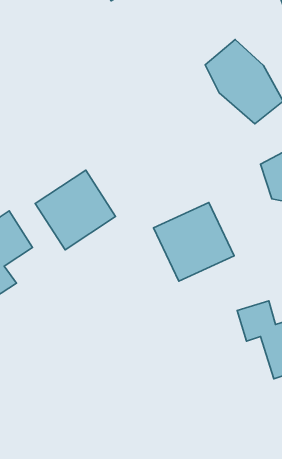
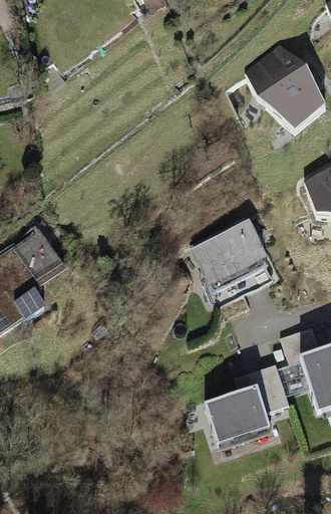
building: [35,170,115,250] -> none
building: none -> [204,361,287,445]

